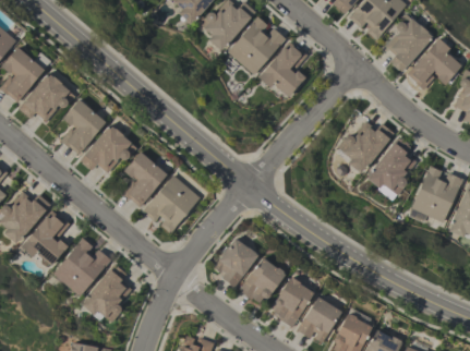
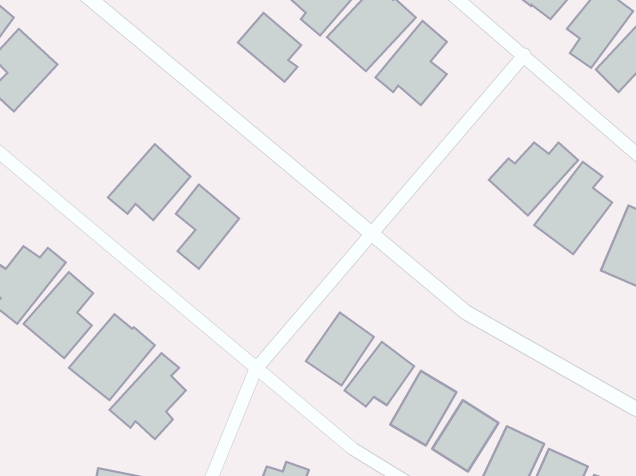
building: none -> [238,13,301,82]
building: [17,72,73,122] -> none
building: [61,98,106,154] -> none
building: [142,173,200,233] -> none

